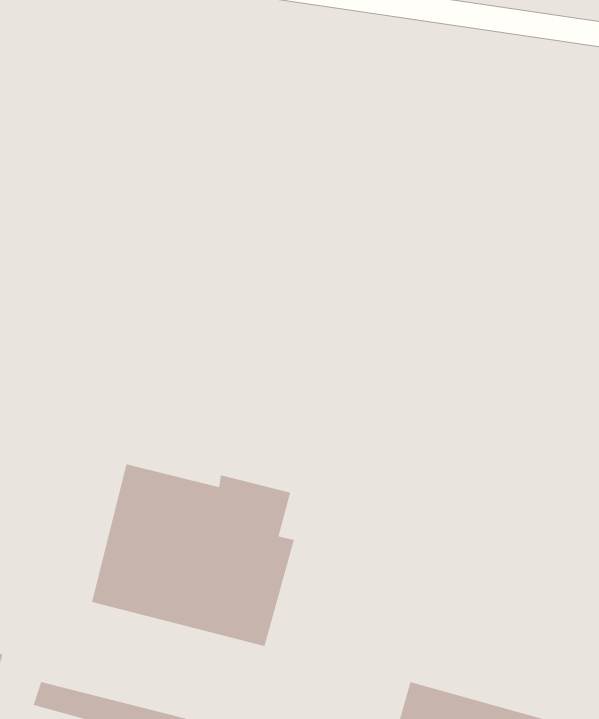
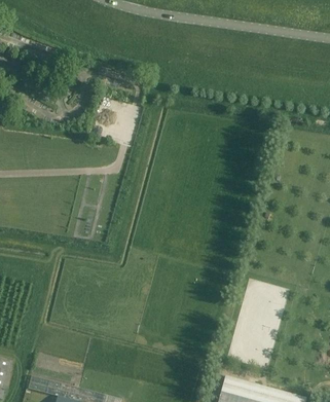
building: [91,464,295,647] -> none

